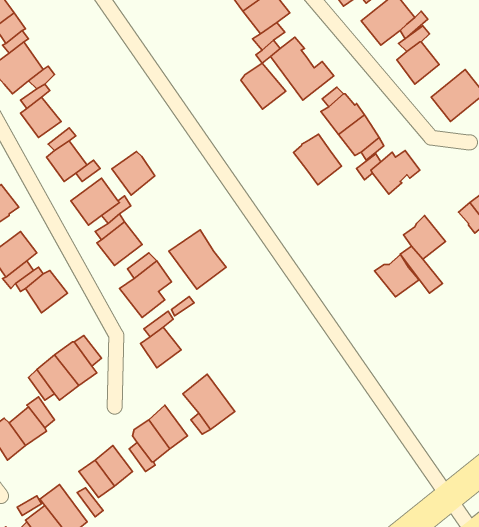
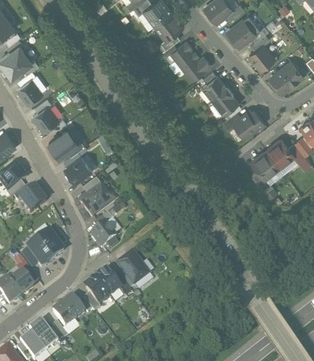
building: [241,63,286,109] -> none
building: [293,134,341,185] -> none
building: [112,151,155,195] -> none
building: [169,230,226,289] -> none
building: [374,255,418,297] -> [266,141,293,167]

